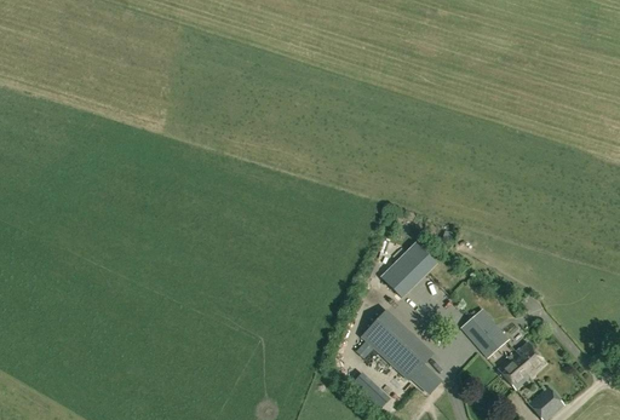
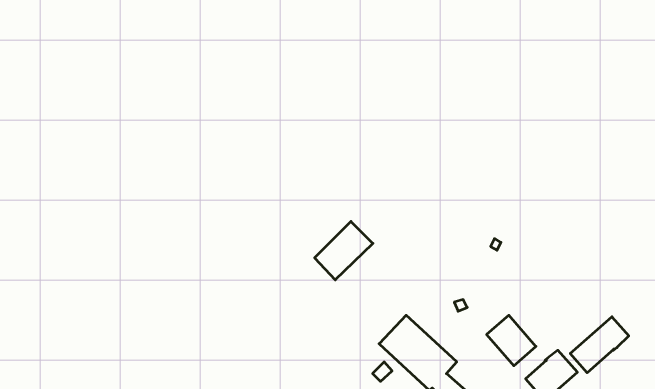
building: [381,243,436,298] -> [315,221,373,280]
building: none -> [570,317,629,373]

